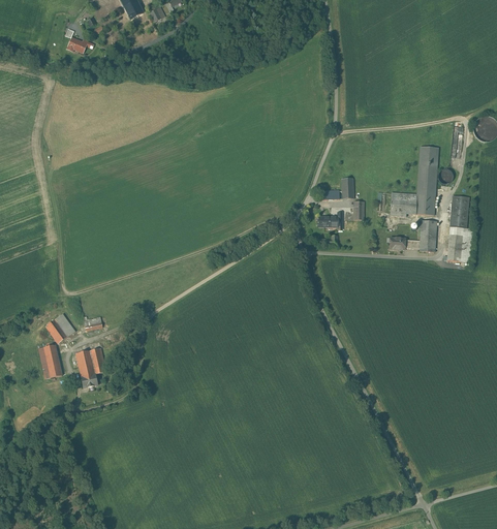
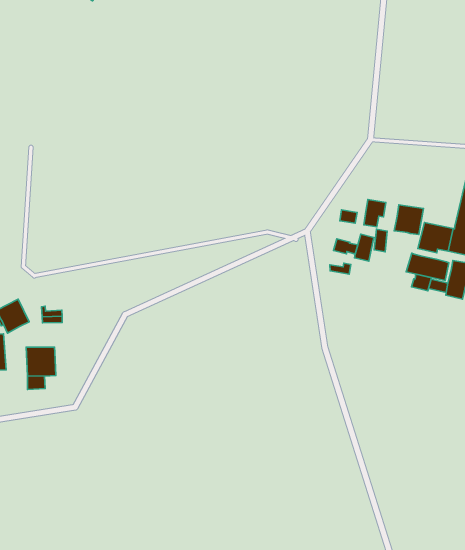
building: none -> [394,205,424,235]
building: none -> [406,253,449,281]

